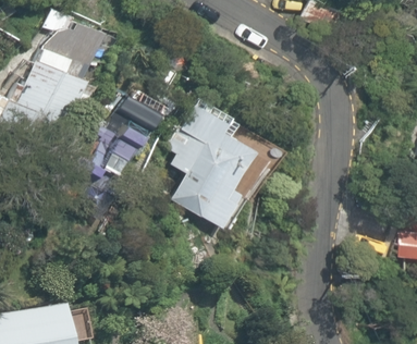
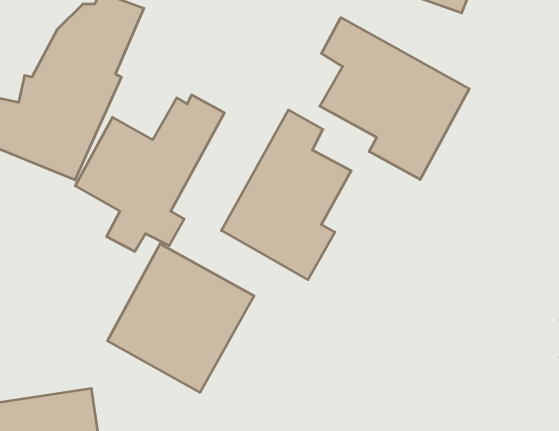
building: none -> [320,18,469,180]
building: none -> [108,244,254,392]

